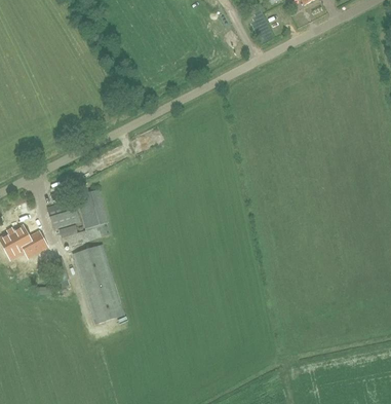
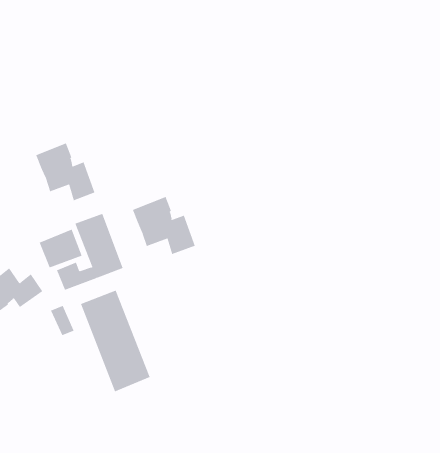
building: none -> [36,143,95,201]
building: none -> [132,196,196,255]

